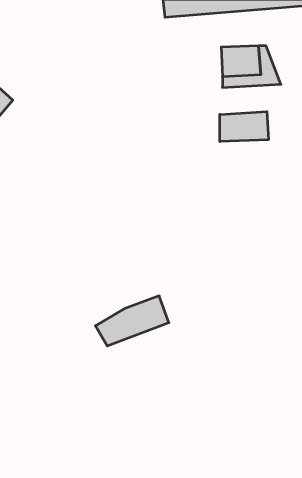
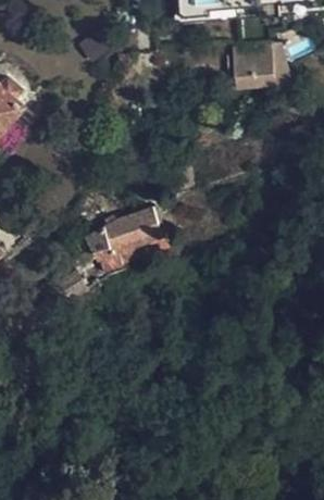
building: [220,112,268,142] -> none
building: [95,296,169,346] -> [87,205,162,257]

